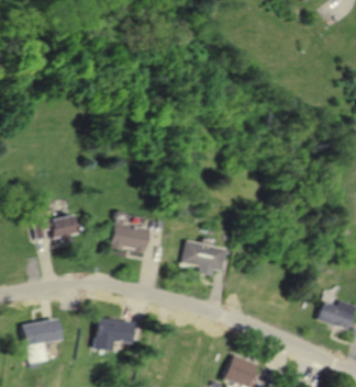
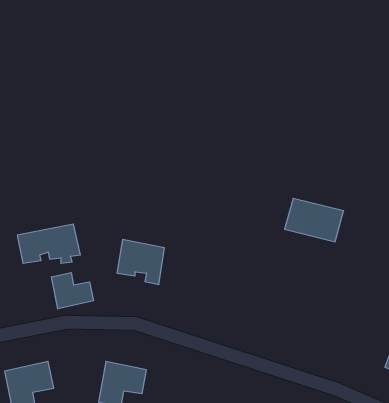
building: [182,238,229,272] -> [285,198,344,242]
building: none -> [51,273,93,309]

